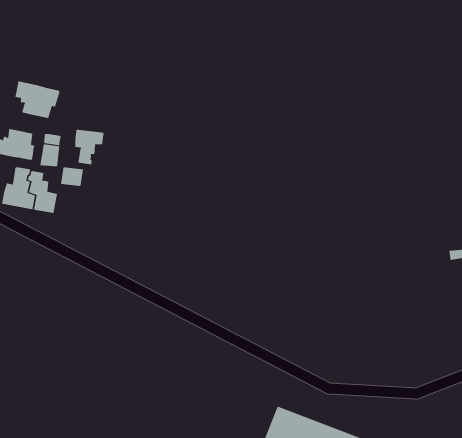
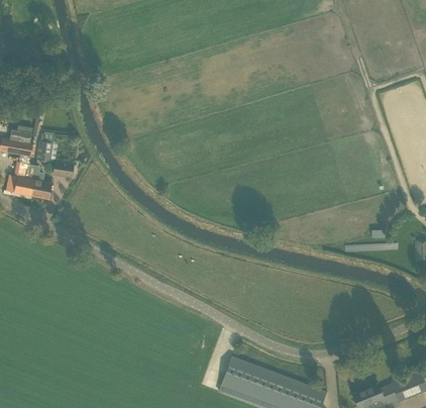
building: [15,80,60,119] -> none
building: [75,129,104,165] -> none

